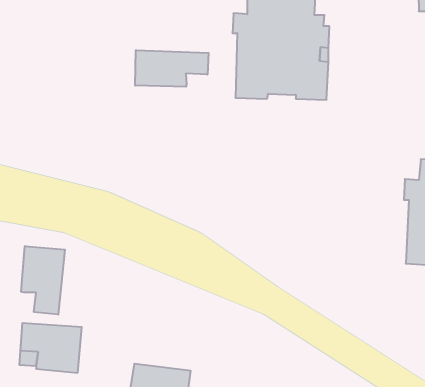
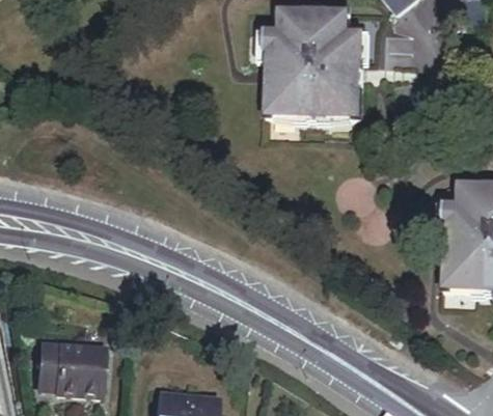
building: [135,50,209,87] -> none
building: [21,246,65,315] -> none

